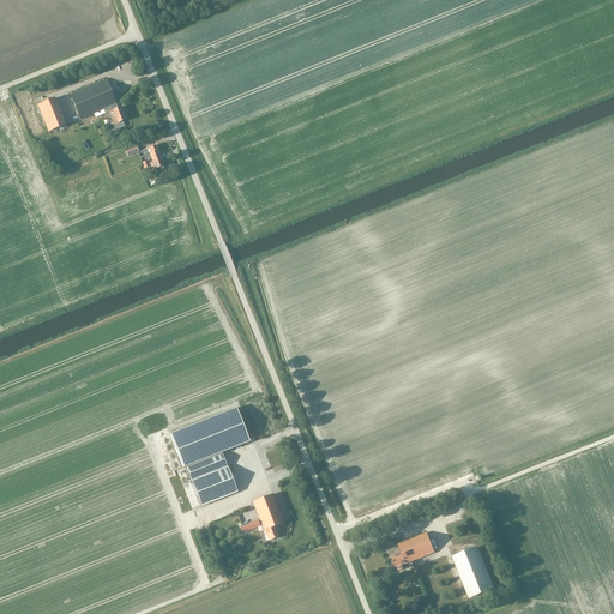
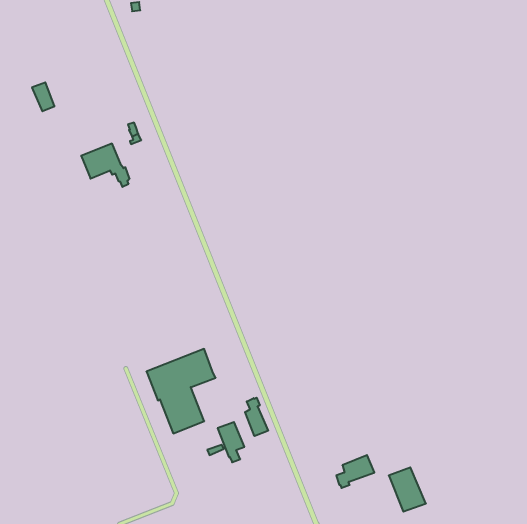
building: [70,77,126,127] -> [81,144,130,187]
building: none -> [245,398,268,436]

